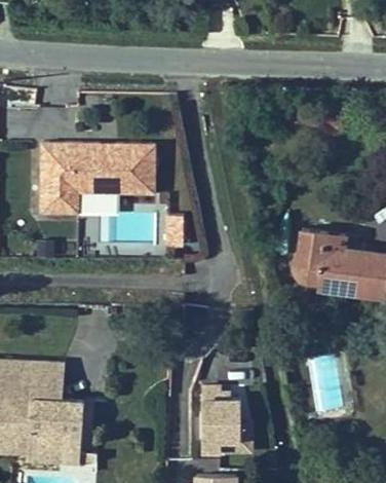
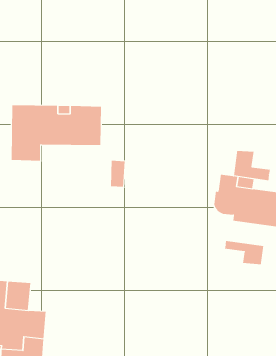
building: none -> [233,150,270,181]
building: none -> [224,240,264,265]
building: [199,384,253,453] -> none

